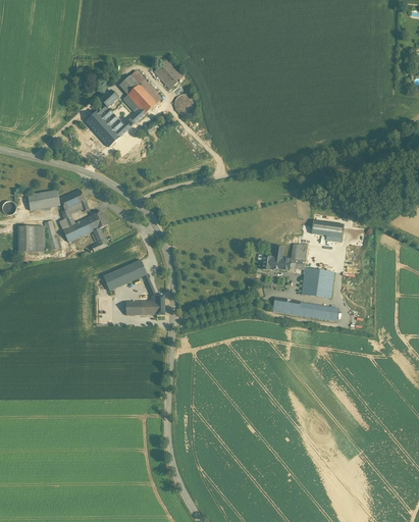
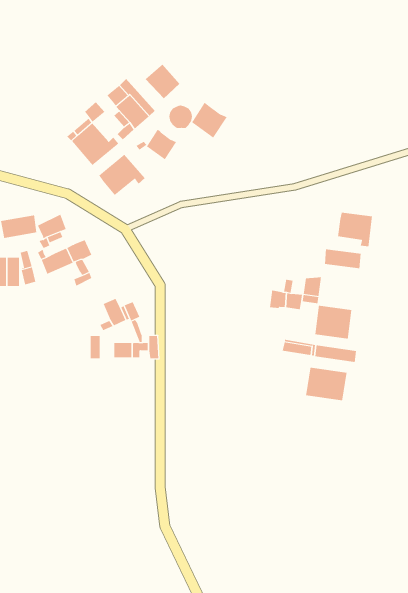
building: none -> [191,102,227,138]
building: none -> [146,129,177,160]
building: none -> [98,154,146,196]
building: none -> [338,212,373,247]
building: none -> [306,367,347,401]

